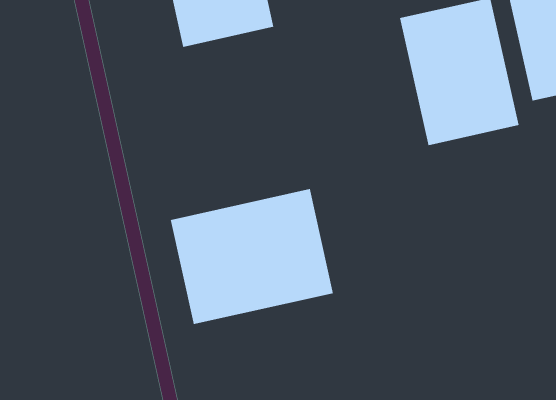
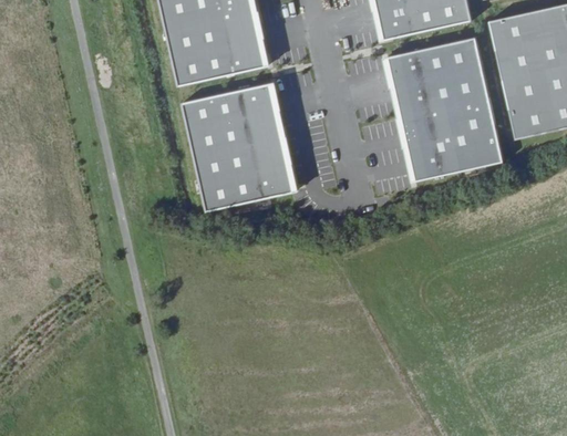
building: none -> [183,82,296,210]
building: [170,188,334,325] -> none

